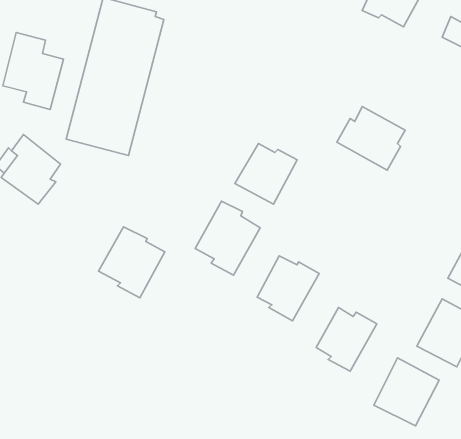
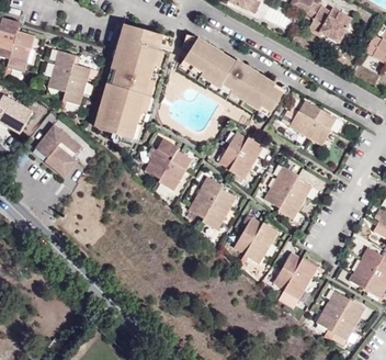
building: none -> [183,36,287,115]
building: none -> [259,161,307,217]
building: [98,227,165,298] -> [138,136,188,189]

